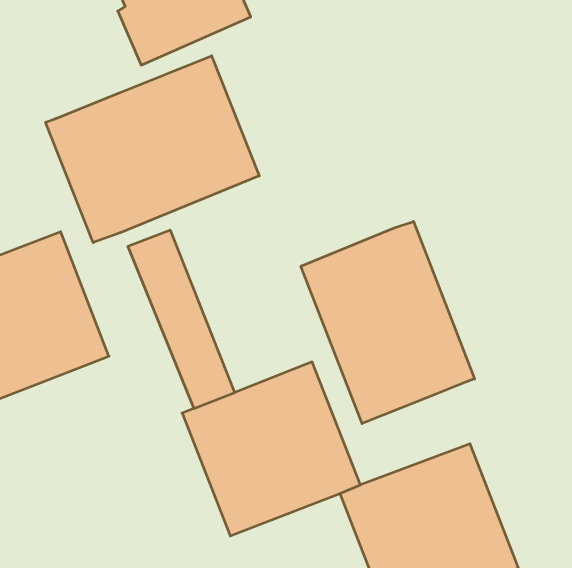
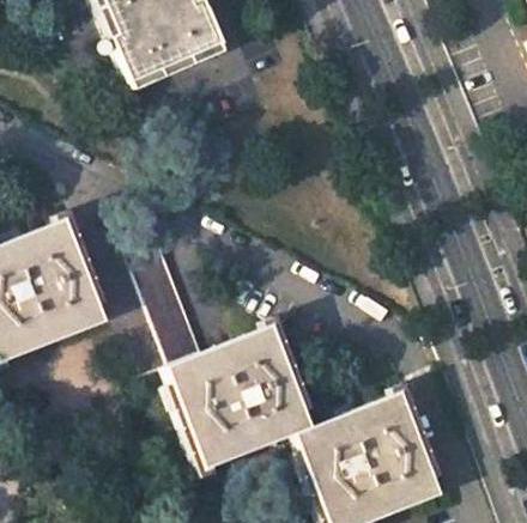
building: [46,56,259,243] -> none
building: [301,221,475,424] -> none

